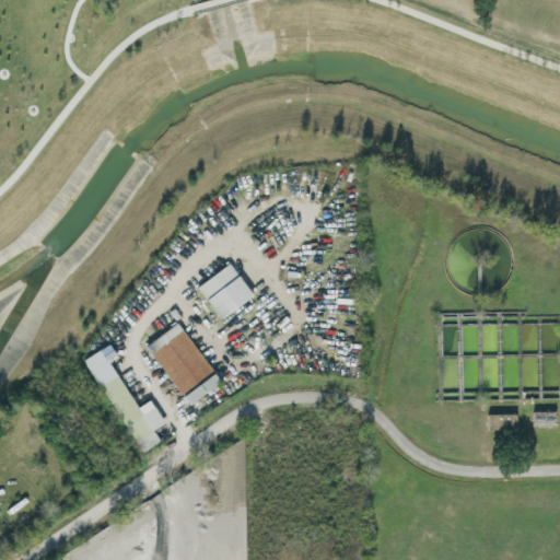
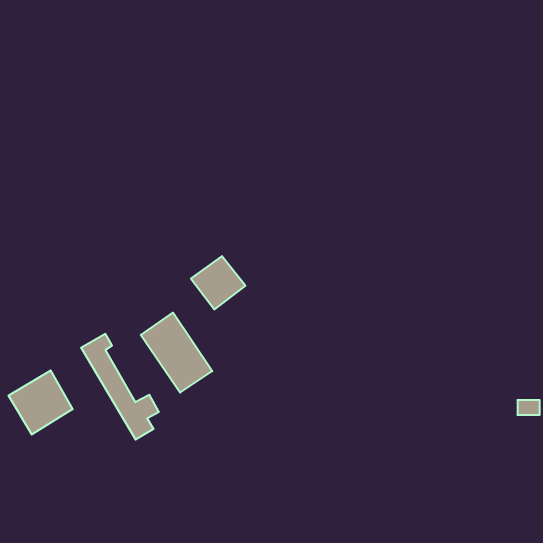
building: none -> [9,370,73,435]
building: [488,415,517,431] -> none

